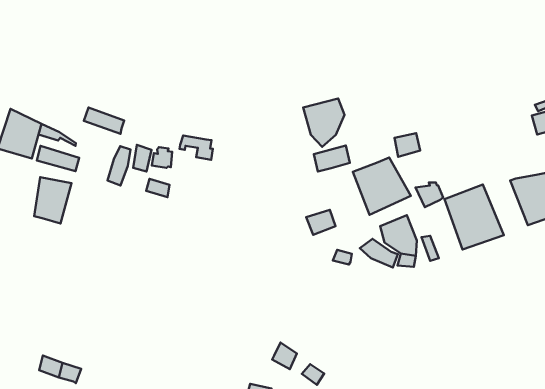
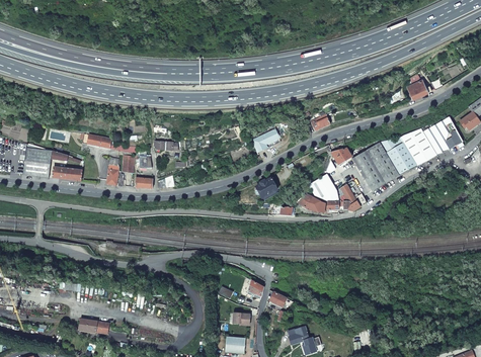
building: [303,98,345,147] -> none
building: [353,158,411,215] -> none
building: [34,177,71,223] -> none
building: none -> [380,136,417,176]

